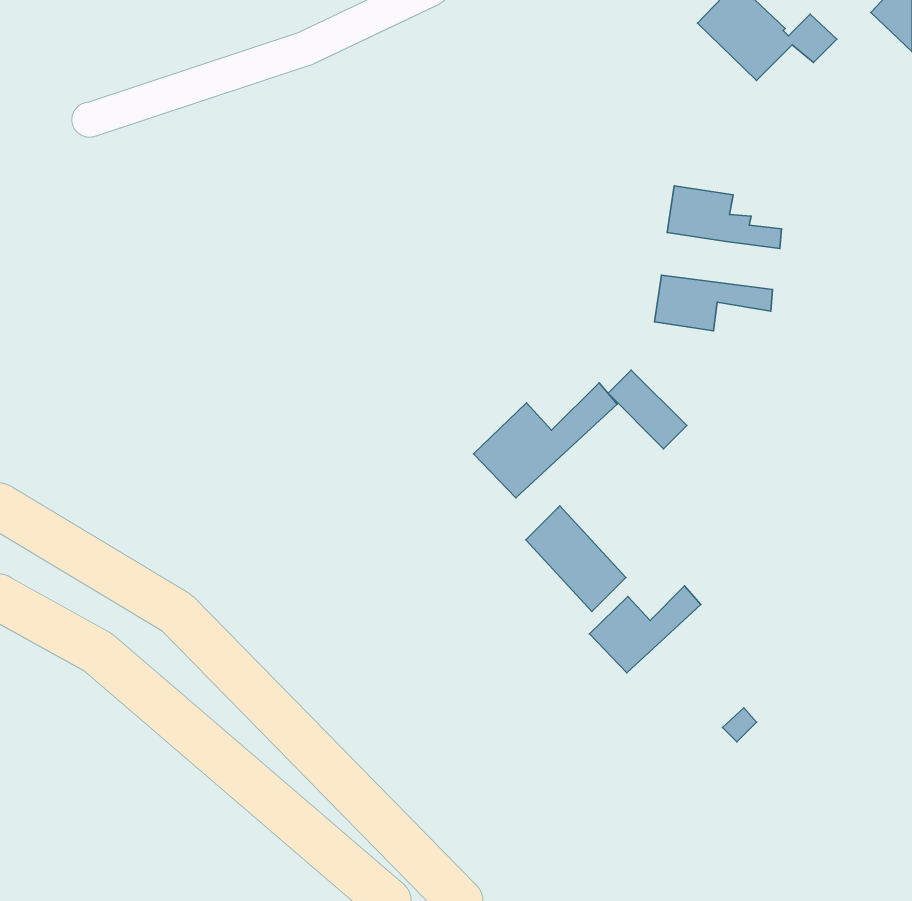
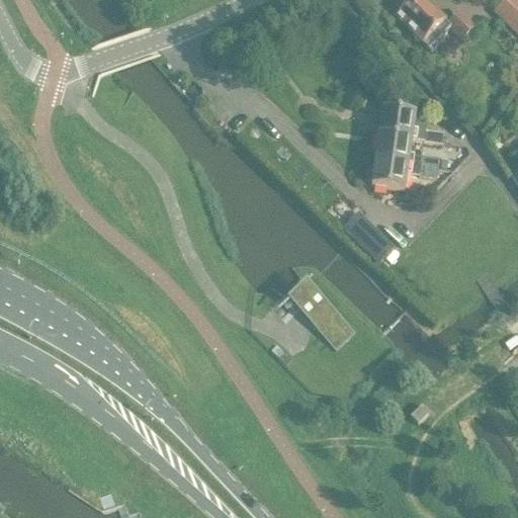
building: none -> [374,132,439,164]
building: [473,383,617,498] -> none
building: [590,586,701,673] -> none

